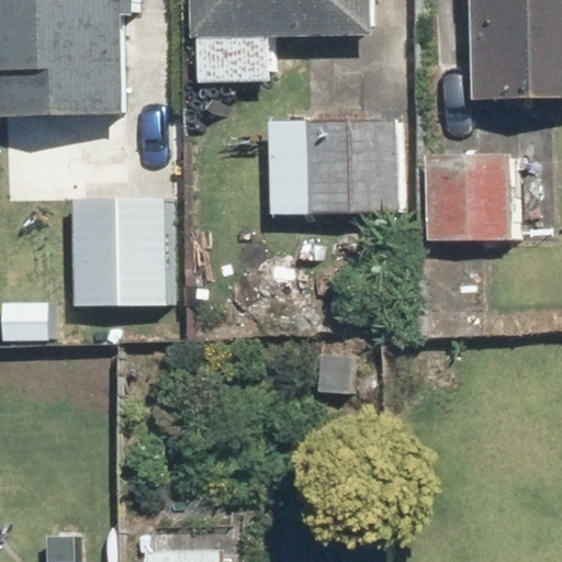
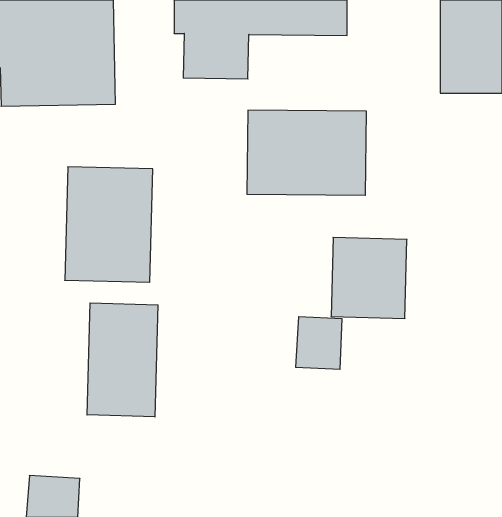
building: [427,156,509,244] -> [331,237,407,318]
building: none -> [87,303,158,417]

